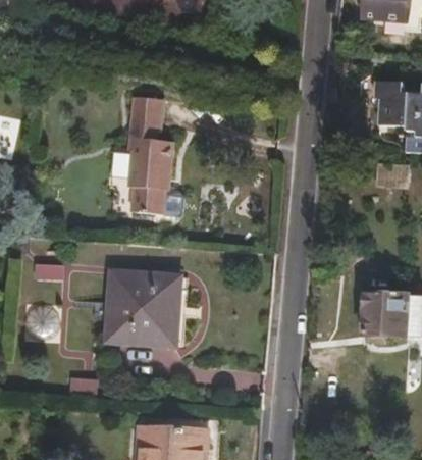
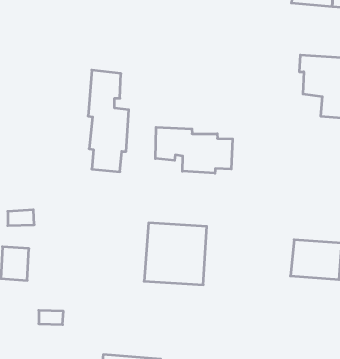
building: none -> [155,127,233,173]
building: [108,272,180,344] -> [144,223,207,285]

